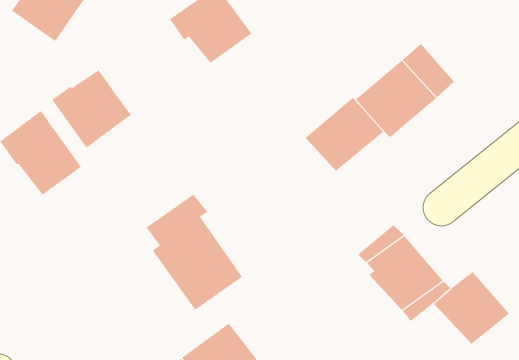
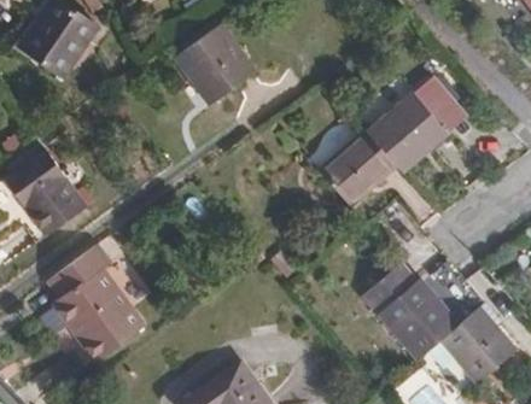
building: [51,70,132,148] -> none
building: [146,194,243,310] -> [48,242,146,359]

